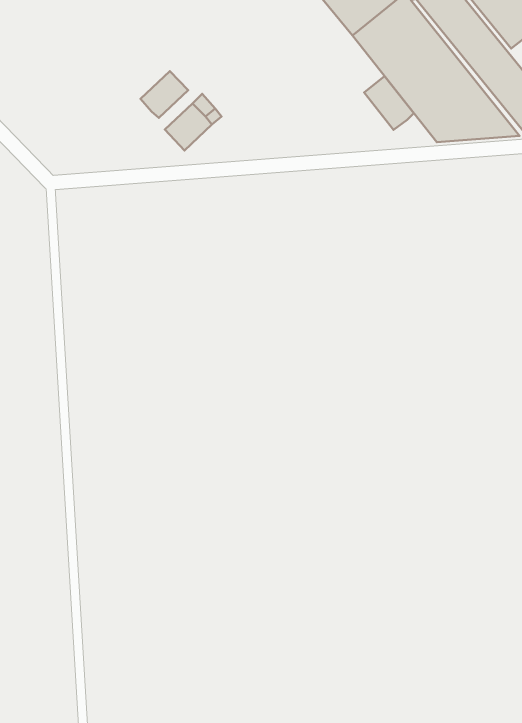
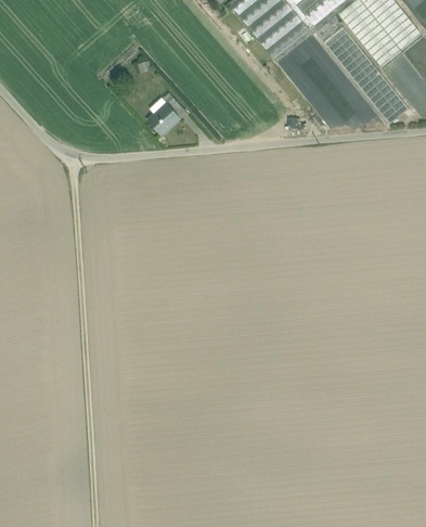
building: [141,71,188,118] -> none
building: [364,76,414,130] -> none

